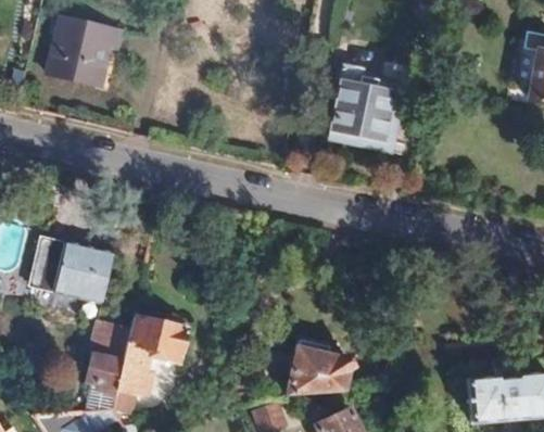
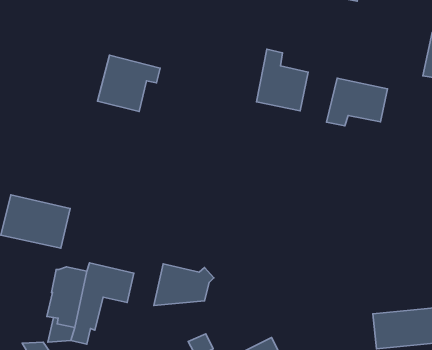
building: [49,18,123,85] -> [97,55,160,111]
building: none -> [327,78,388,126]
building: [287,347,357,396] -> [154,264,214,305]

